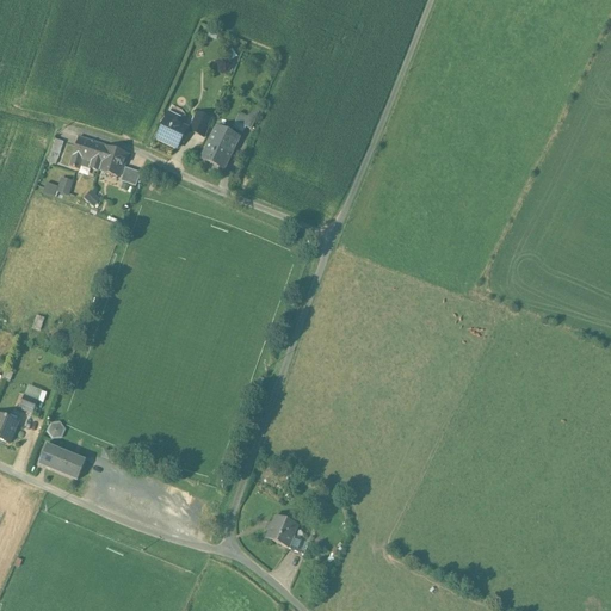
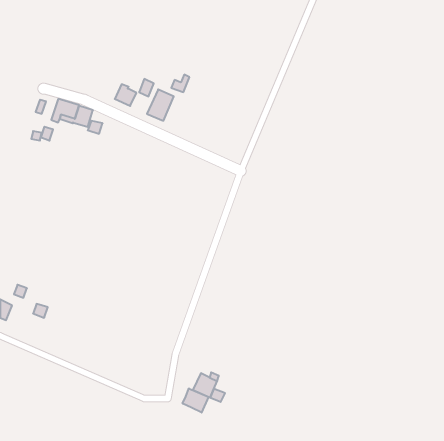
building: [41,444,84,477] -> none
building: none -> [183,388,209,413]

